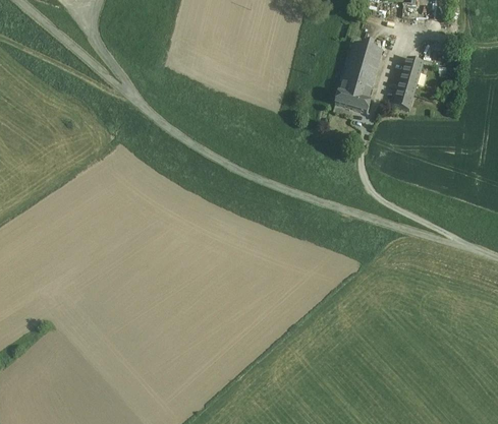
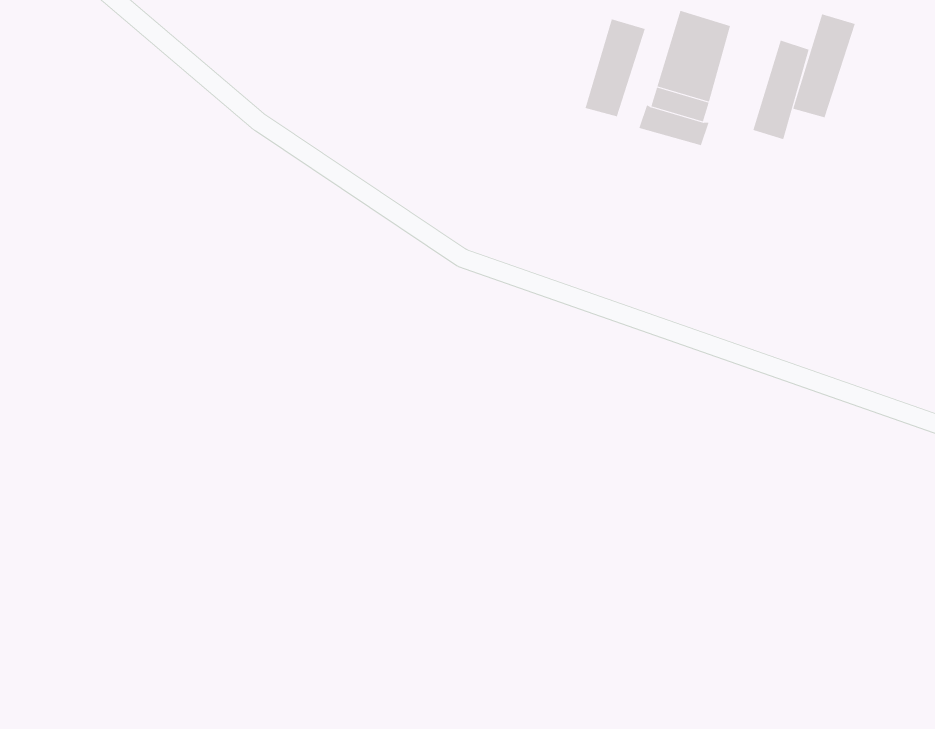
building: none -> [793,13,856,118]
building: none -> [585,19,646,117]

